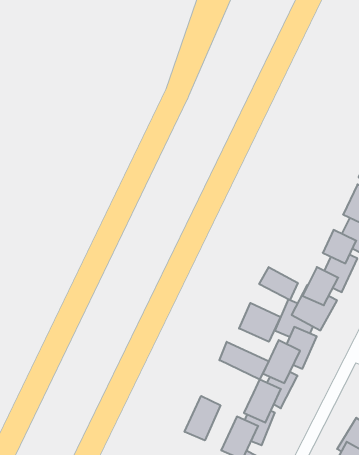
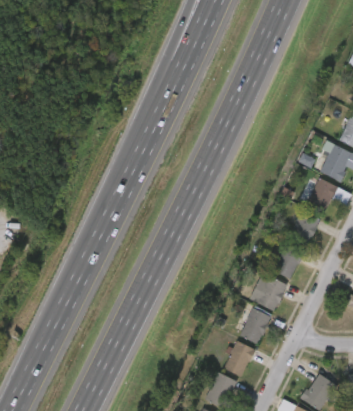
building: [259,267,298,300] -> none
building: [239,303,281,342] -> none
building: [219,342,269,379] -> none
building: [185,396,220,440] -> none

